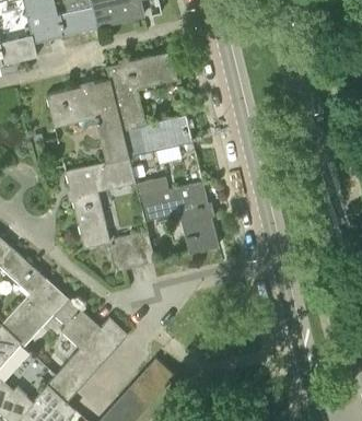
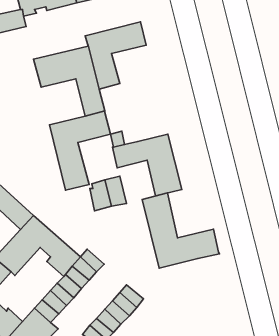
building: [122,114,192,157] -> none
building: none -> [142,193,220,268]

